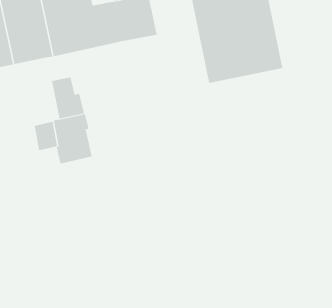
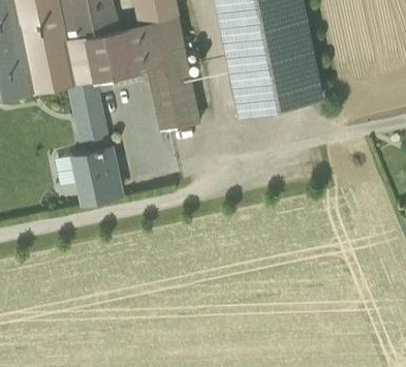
building: none -> [149,63,200,132]
building: none -> [67,84,94,113]

